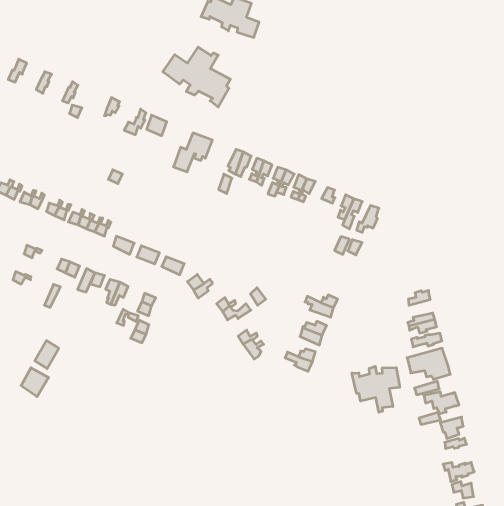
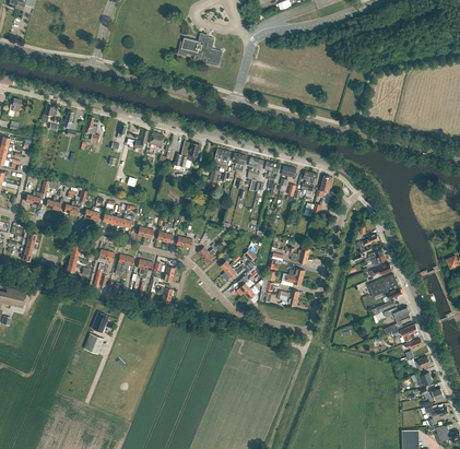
building: [163,47,230,107] -> none
building: [352,366,400,412] -> none

